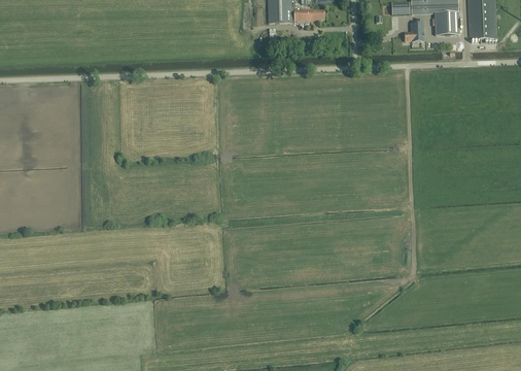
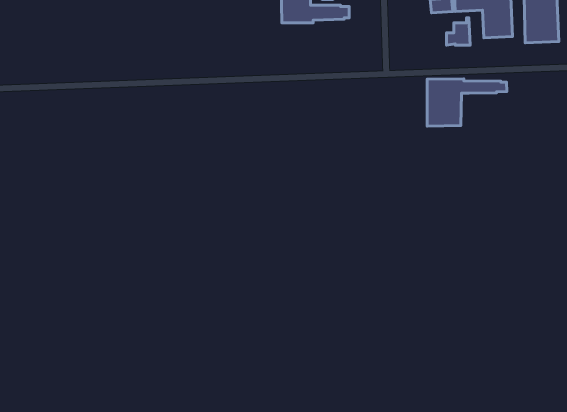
building: none -> [427,79,507,126]

